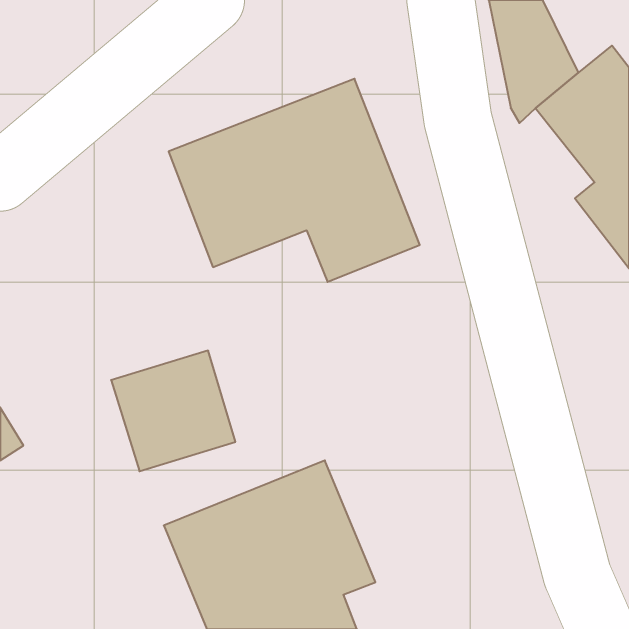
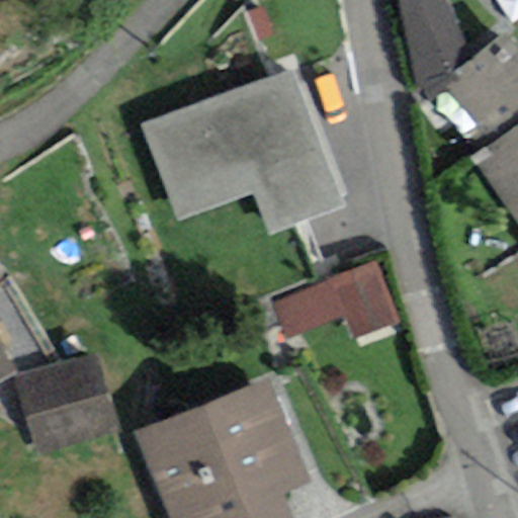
building: none -> [279,258,410,343]
building: [111,351,235,471] -> [16,357,118,456]

